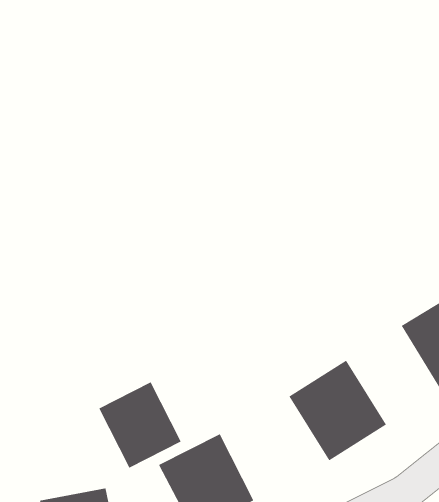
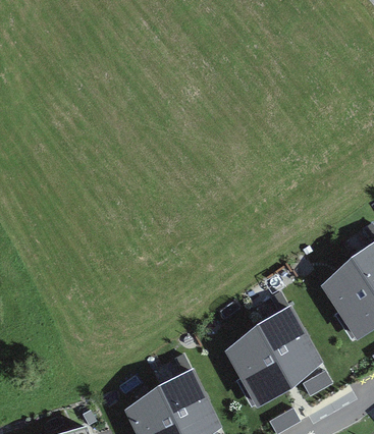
building: [98,381,181,468] -> none

